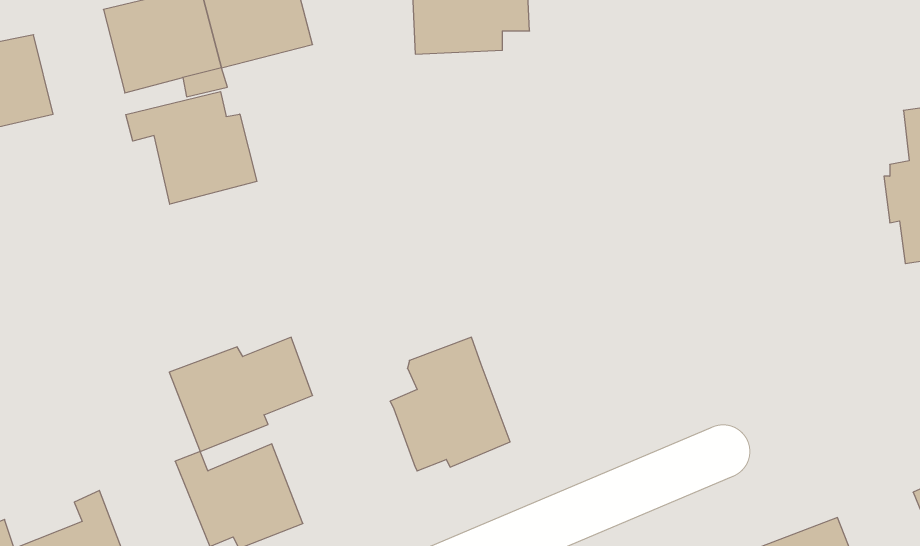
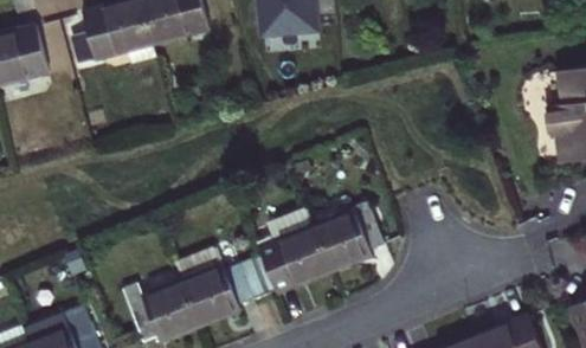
building: [126,92,257,204] -> none
building: [169,337,313,452] -> [178,254,265,324]
building: none -> [305,211,379,275]

